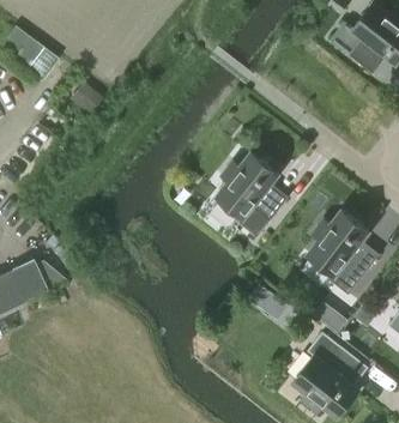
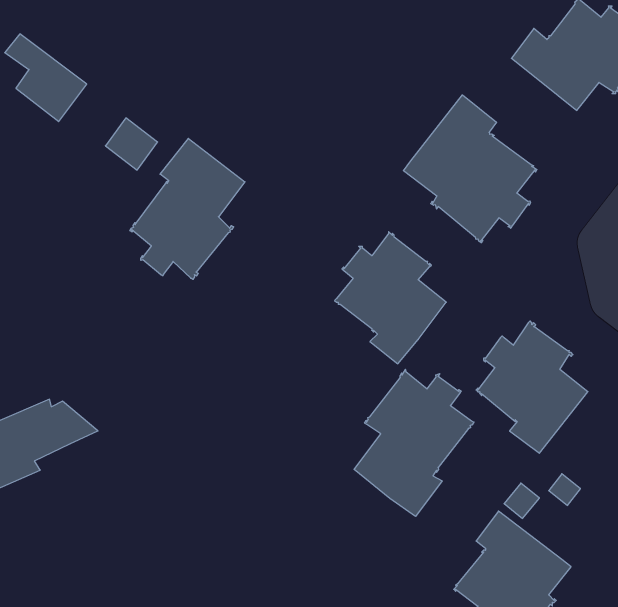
building: none -> [403,95,537,243]
building: none -> [130,138,245,279]
building: none -> [354,369,474,516]

